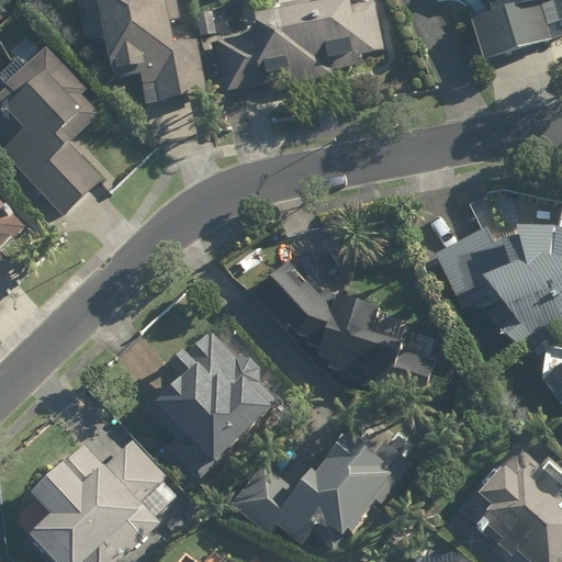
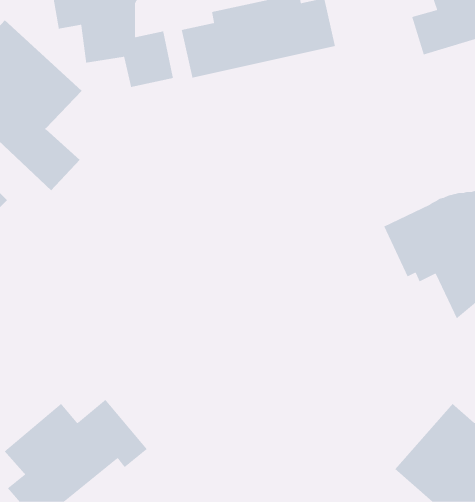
building: [252,261,431,395] -> none
building: [148,330,276,477] -> none
building: [237,430,413,547] -> none

